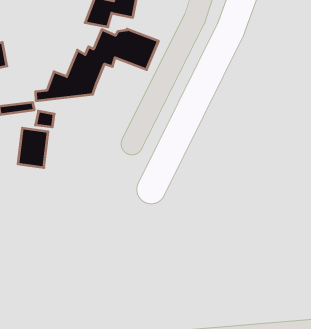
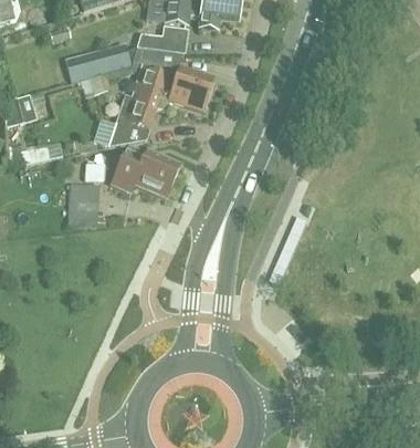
building: none -> [64,42,132,81]
building: none -> [112,145,179,197]

